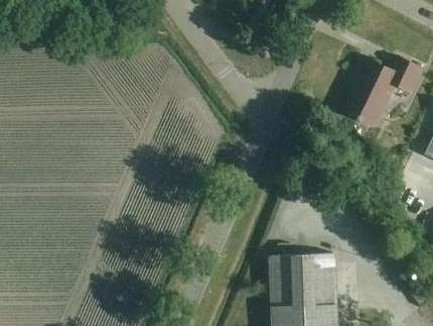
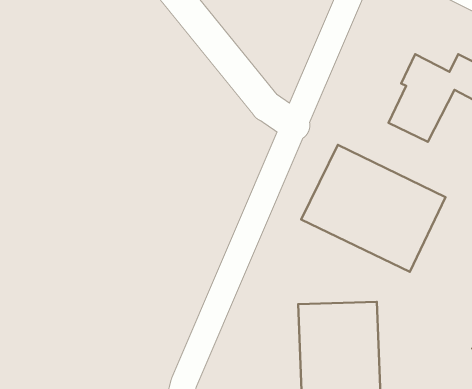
building: none -> [301,145,446,272]

